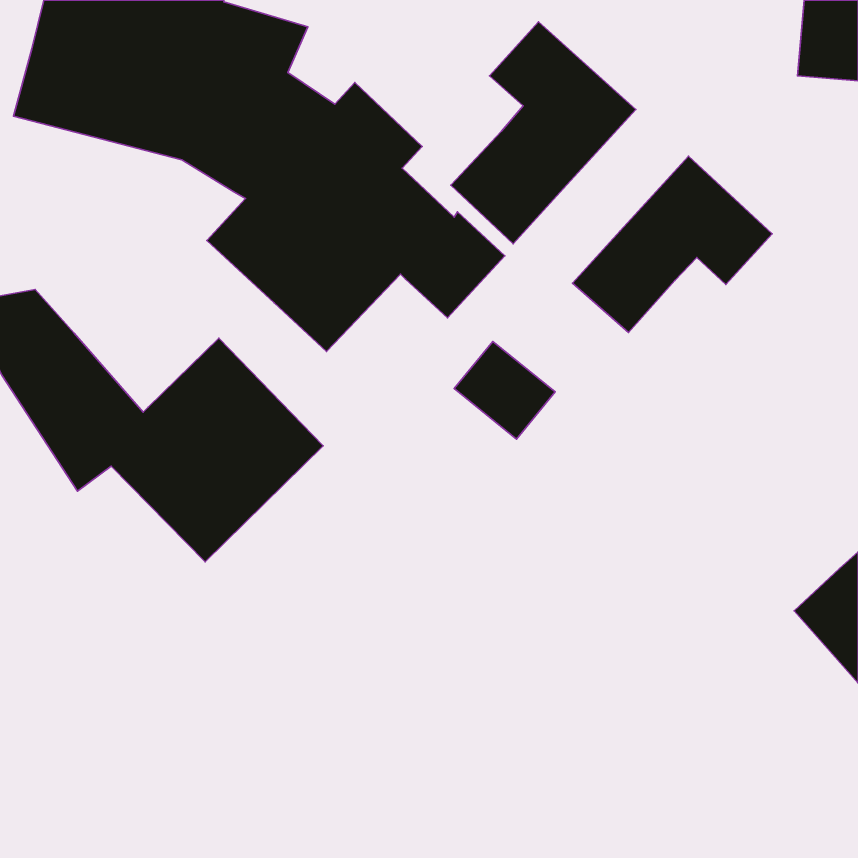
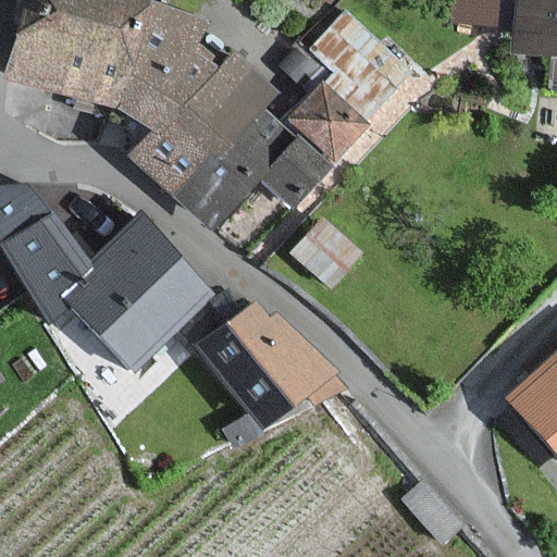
building: [572,156,772,332] -> none
building: none -> [203,308,337,424]

